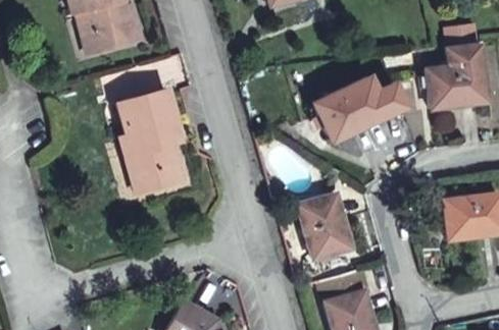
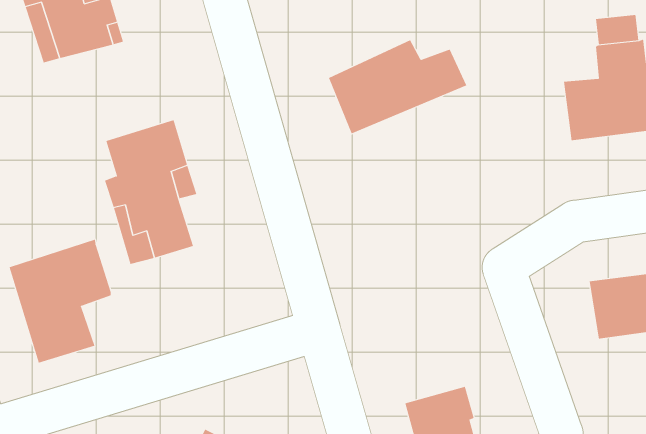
building: [315,74,408,138] -> [328,40,467,134]
building: none -> [9,239,111,364]
building: [297,195,350,259] -> none

